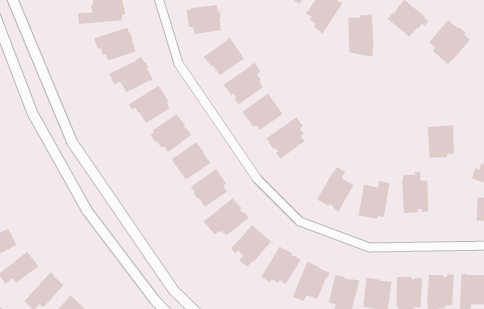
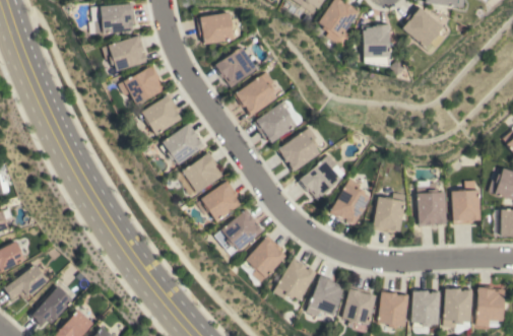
building: [428,19,471,66] -> none
building: [427,125,455,158] -> [452,189,480,223]
building: none -> [299,154,345,199]

